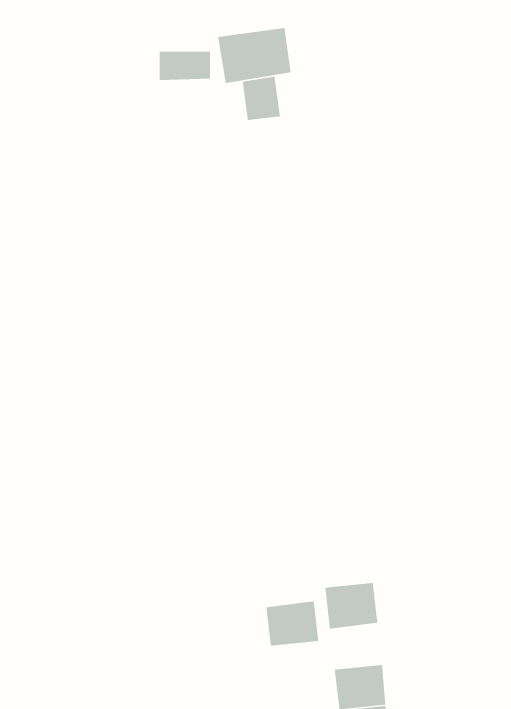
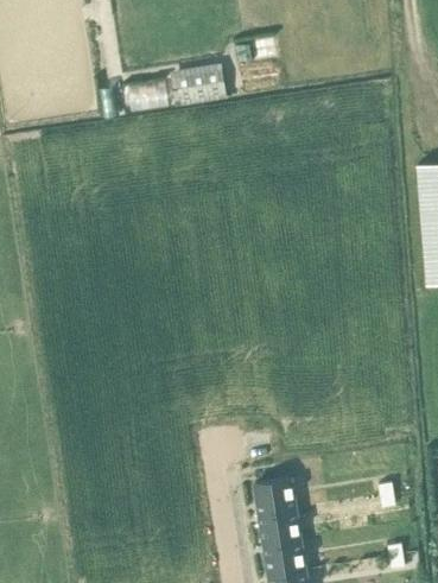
building: [242,76,281,121] -> none
building: [265,601,319,646] -> [255,515,296,550]

